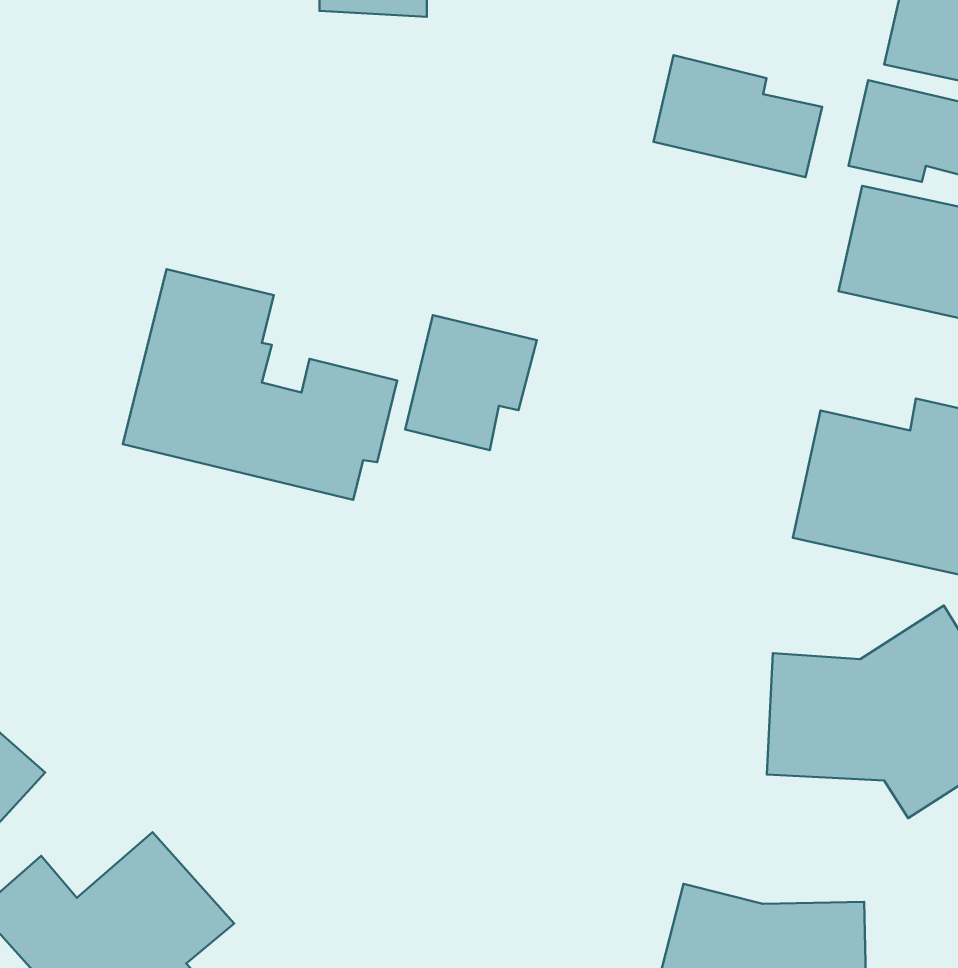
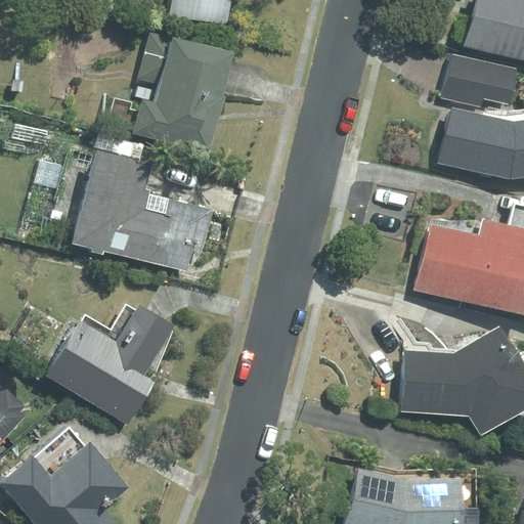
building: none -> [133,34,231,150]
building: [653,55,822,177] -> none
building: [405,315,537,450] -> none
building: none -> [44,305,173,424]

